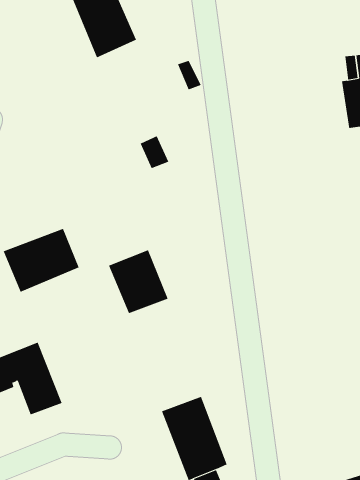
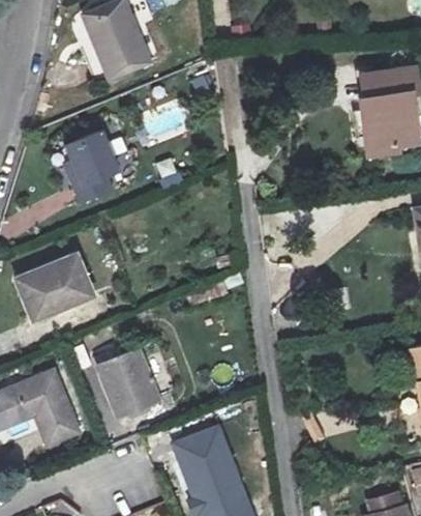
building: none -> [72,131,123,199]
building: [108,249,169,314] -> [91,346,153,412]

